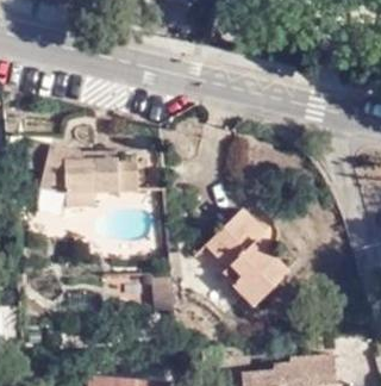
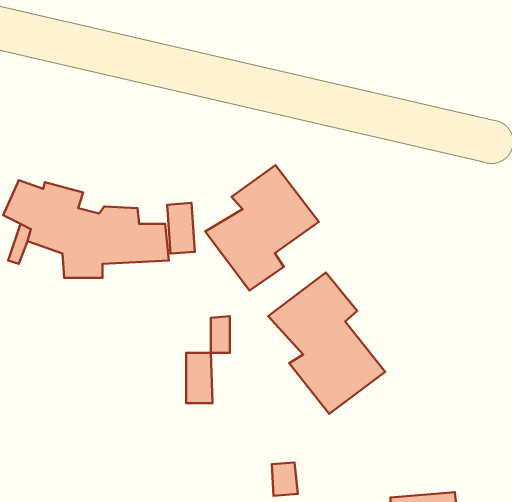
building: none -> [205,165,319,290]

